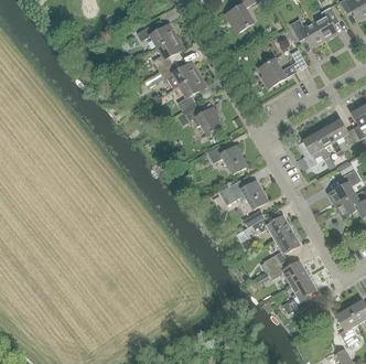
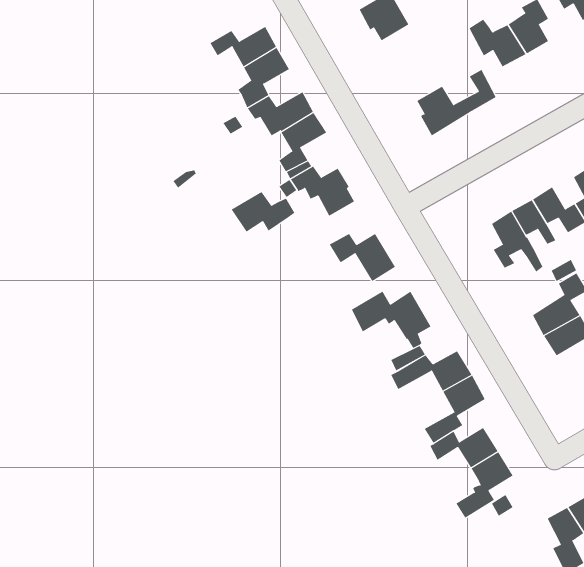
building: none -> [231,191,295,232]

